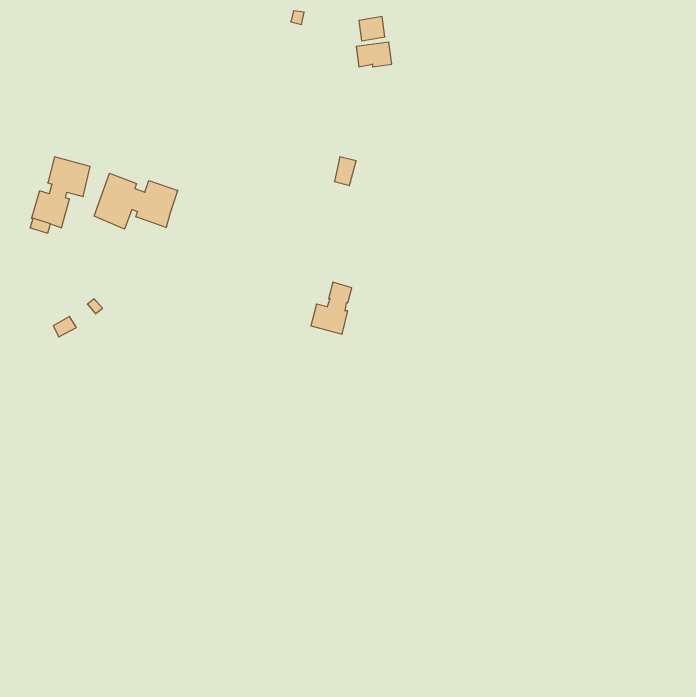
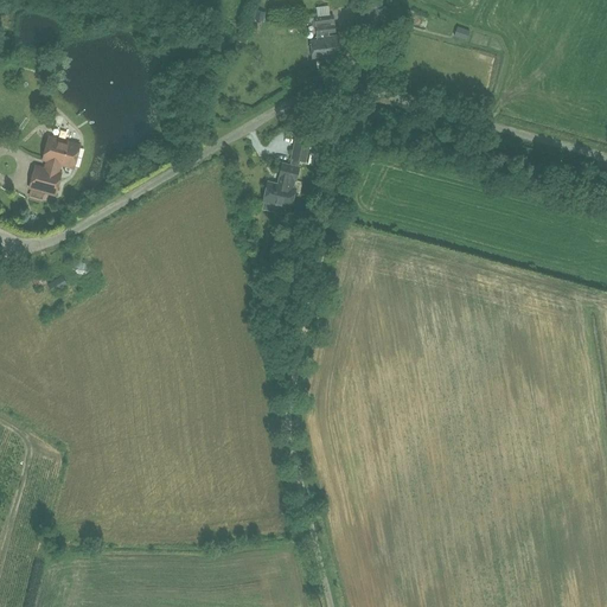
building: [94,173,178,229] -> none
building: [311,282,352,334] -> [262,162,298,207]

